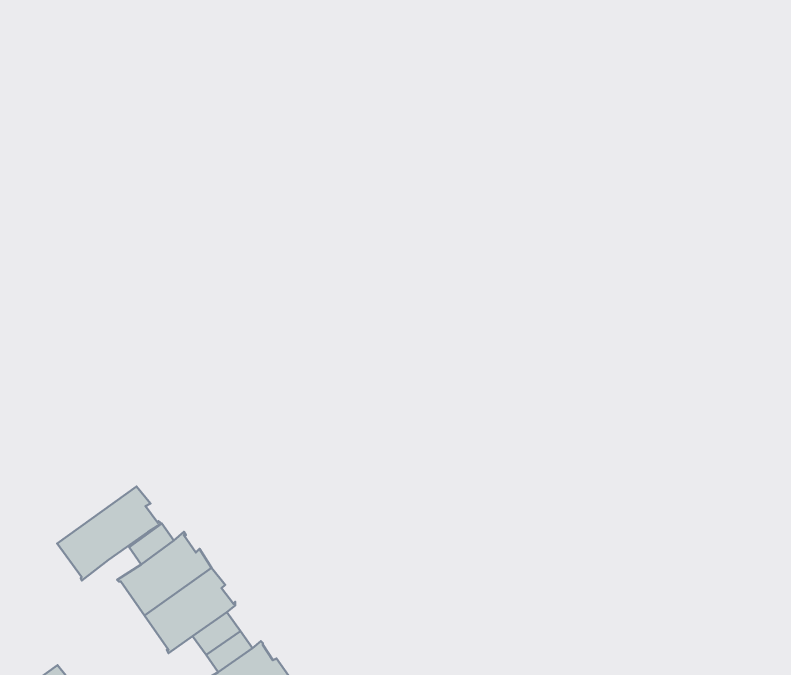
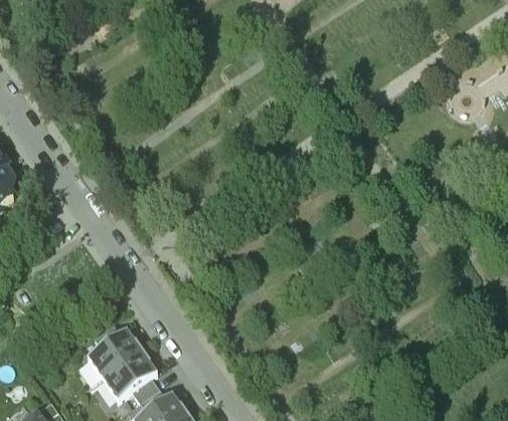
building: [57,487,161,581] -> none

